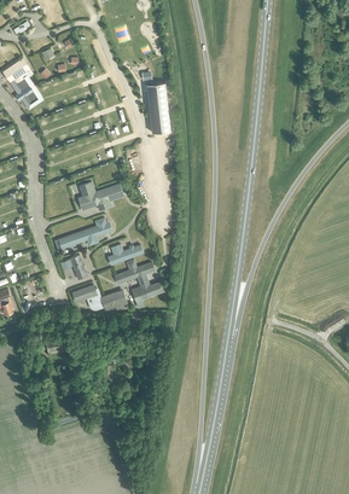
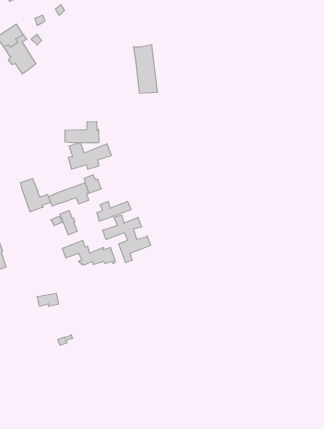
building: none -> [65,121,99,143]
building: none -> [20,178,51,212]

